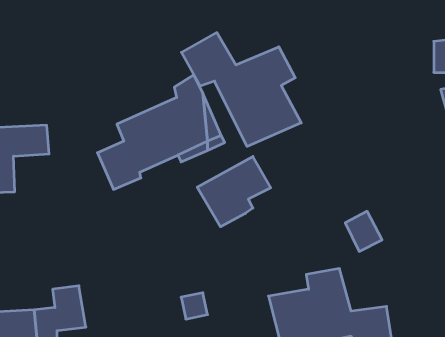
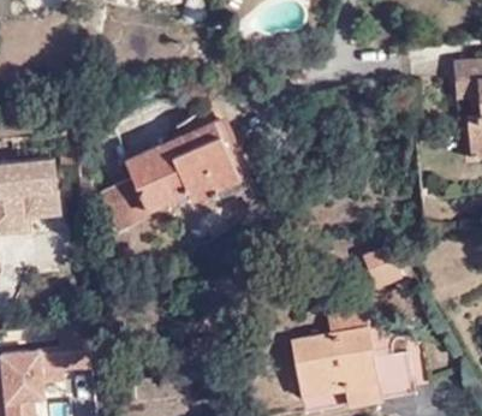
building: [181,33,301,146] -> none
building: [197,156,271,227] -> none

